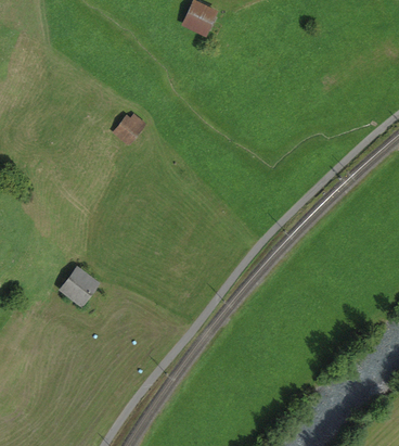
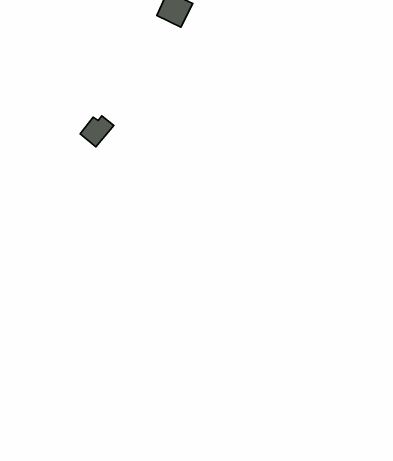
building: [62,268,96,303] -> none

